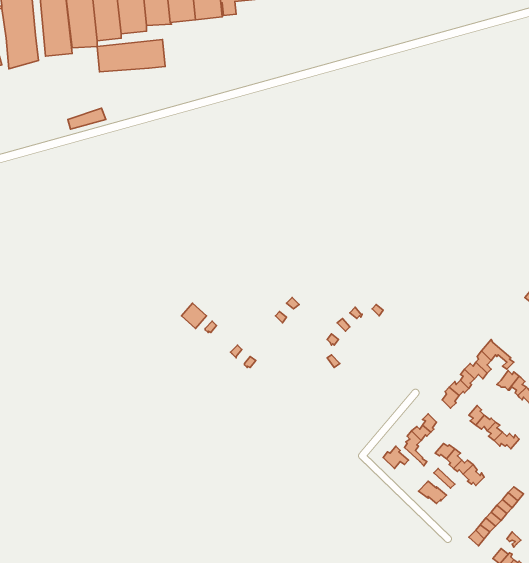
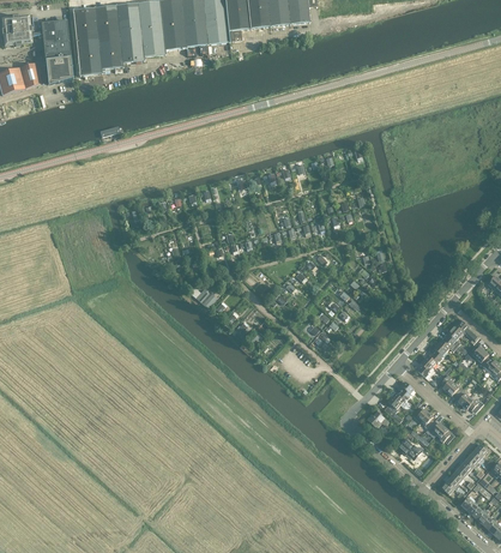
building: [97,40,165,72] -> none

